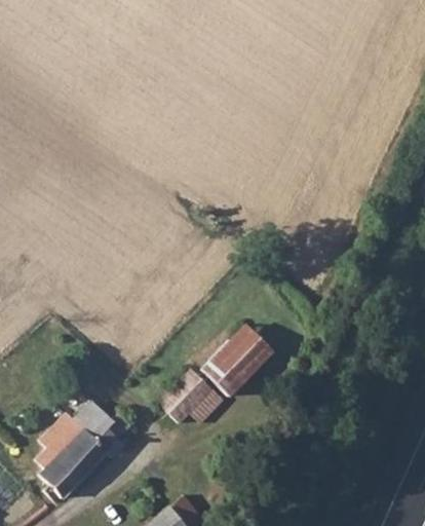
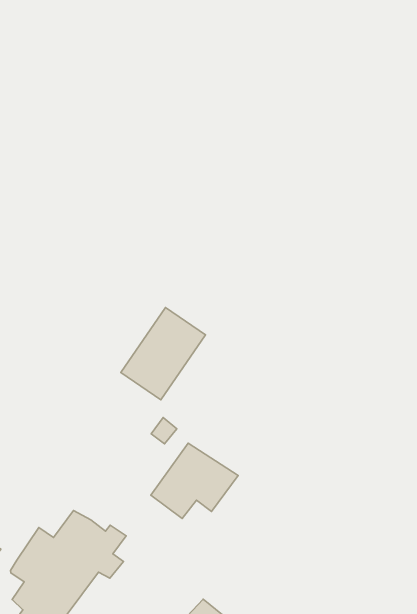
building: [201,324,271,394] -> [121,307,205,400]

